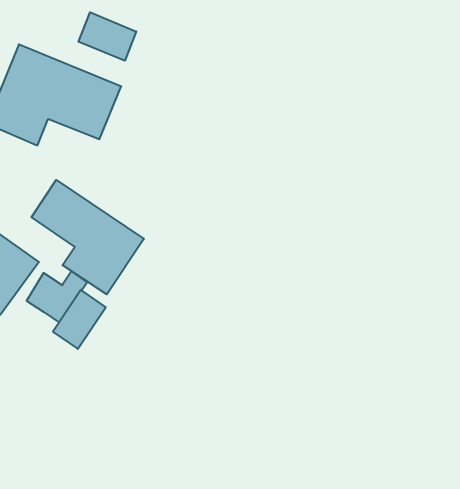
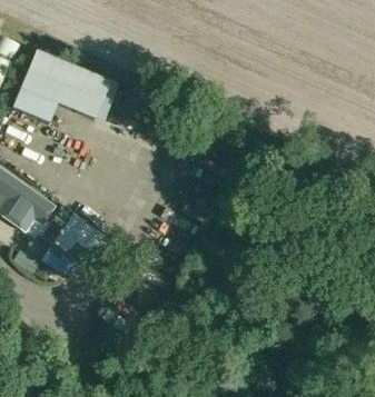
building: [78,12,136,61] -> none
building: [31,180,144,294] -> none

